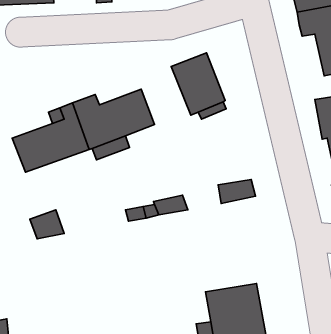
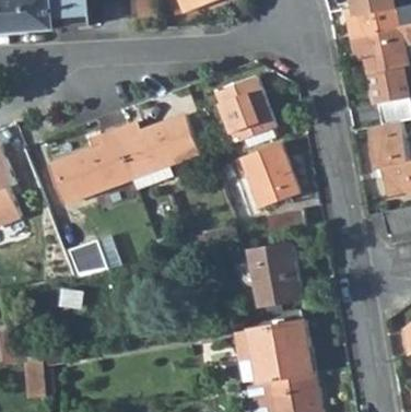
building: none -> [239,144,296,209]
building: none -> [250,243,301,305]

